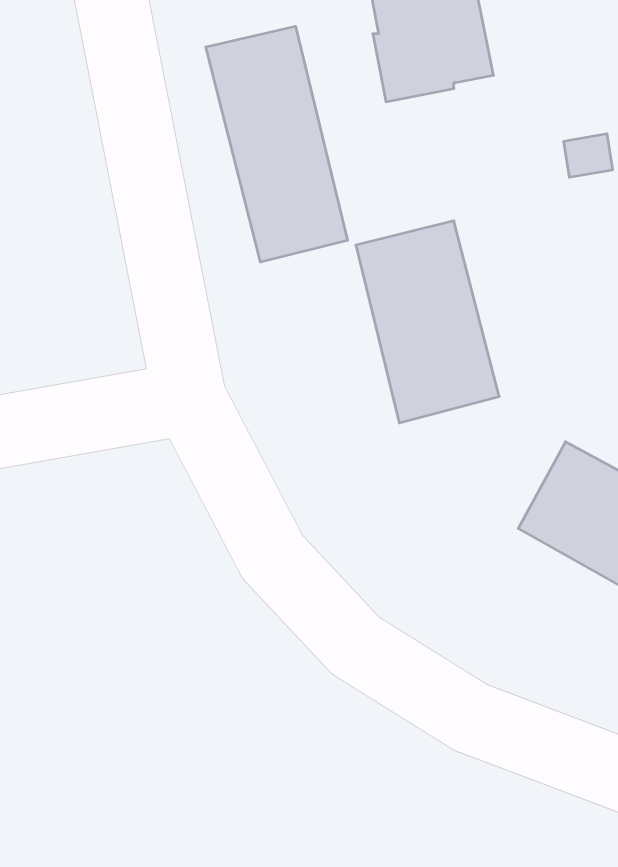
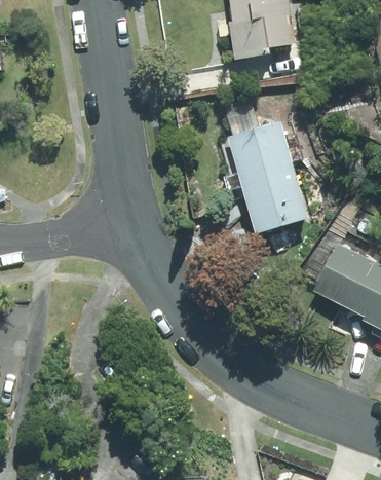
building: [206,26,348,262] -> none

